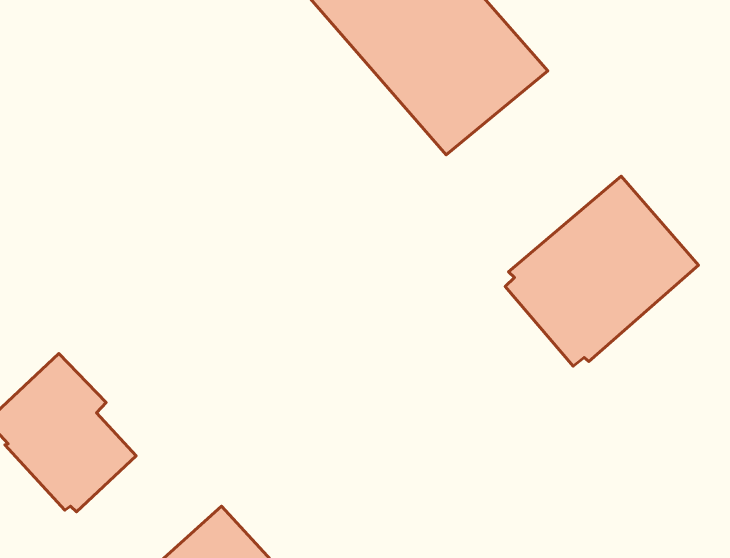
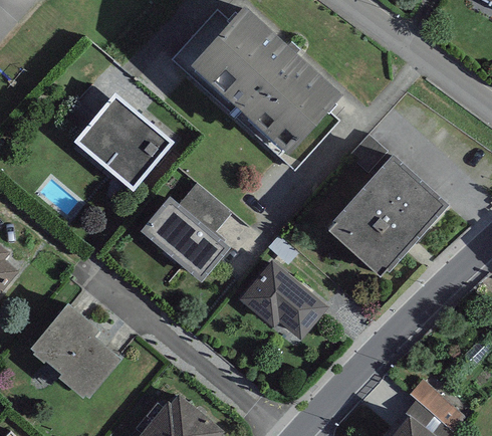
building: none -> [73,93,172,190]
building: none -> [139,184,230,282]
building: none -> [237,259,326,338]

